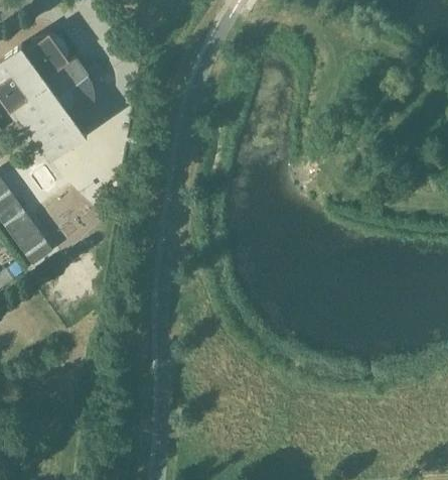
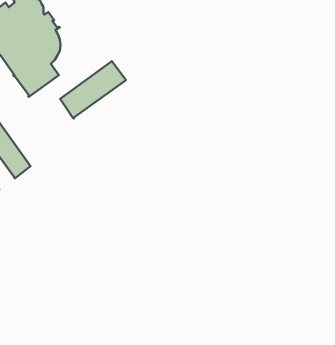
building: none -> [60,61,126,118]

